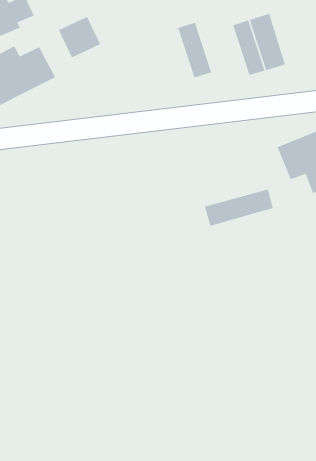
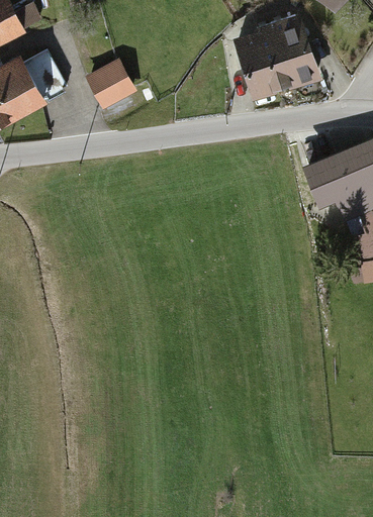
building: [58,16,101,58] -> [88,62,135,108]
building: [177,22,212,78] -> [238,31,276,93]
building: [204,188,274,227] -> none

